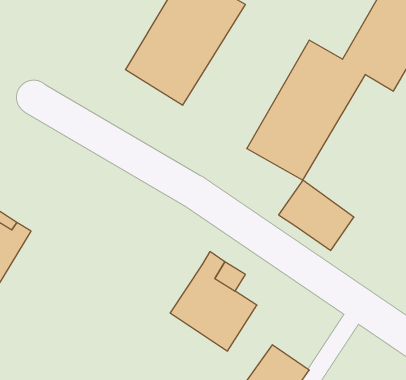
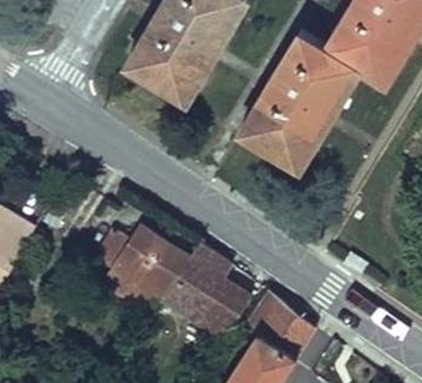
building: [279,180,354,250] -> [248,291,319,357]
building: none -> [96,222,196,303]

